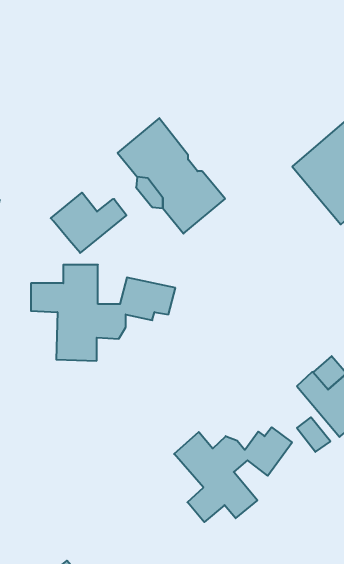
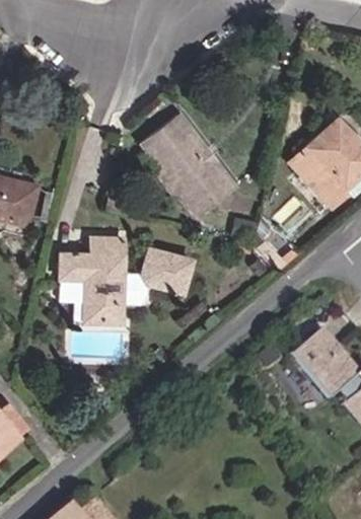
building: [51,193,126,253] -> none
building: [174,427,292,522] -> none

